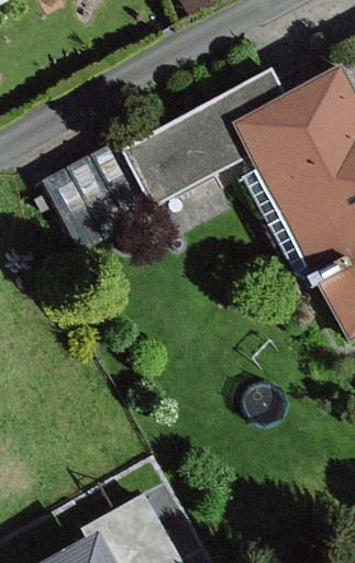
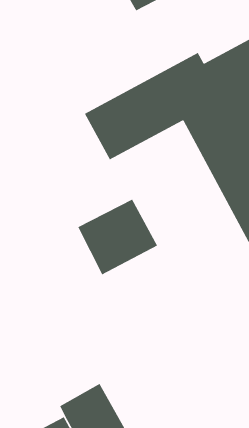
building: [51,148,155,247] -> [77,199,158,276]

